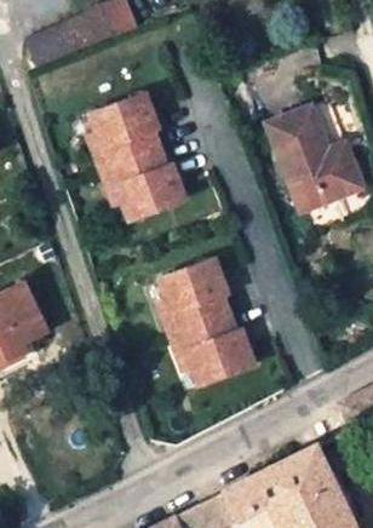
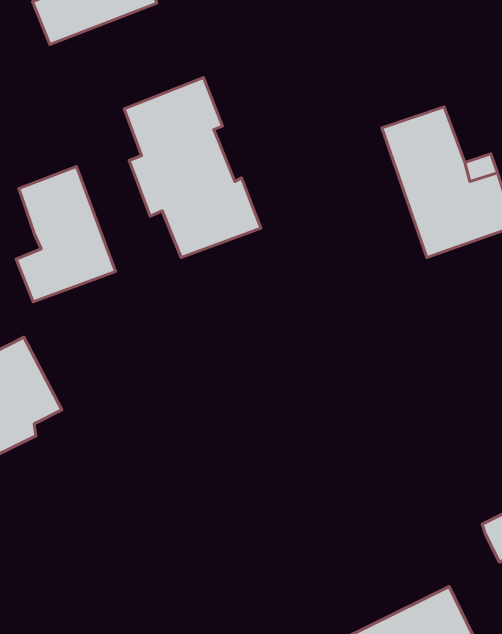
building: none -> [16,166,115,302]
building: [156,253,252,380] -> none

